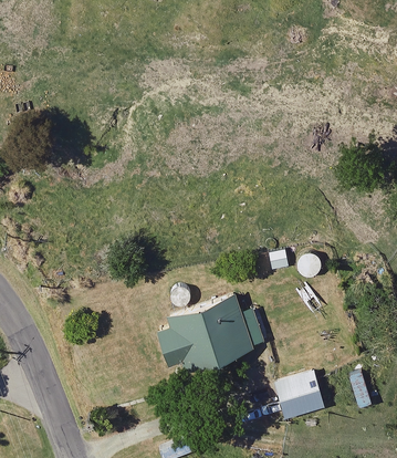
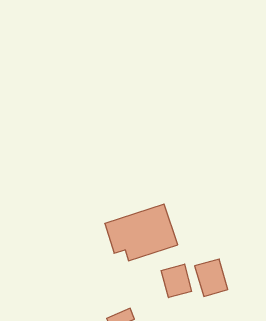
building: none -> [161,264,191,298]

